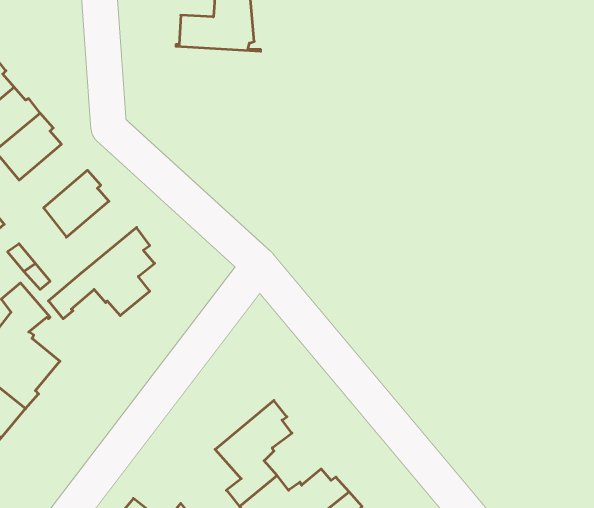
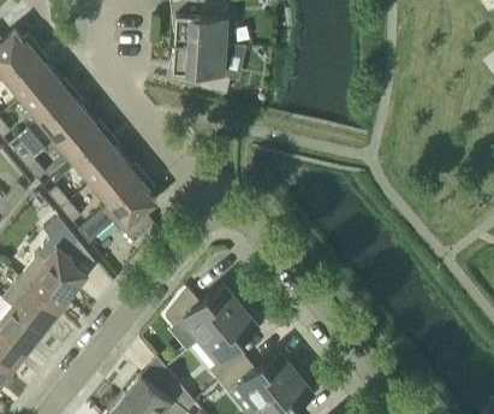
building: none -> [171,42,233,94]
building: none -> [55,114,106,161]
building: none -> [90,156,142,209]
building: none -> [163,286,243,339]

